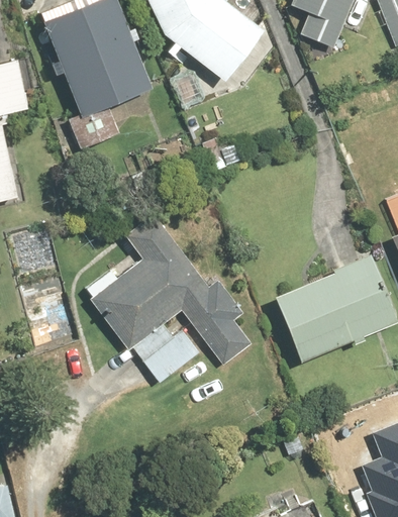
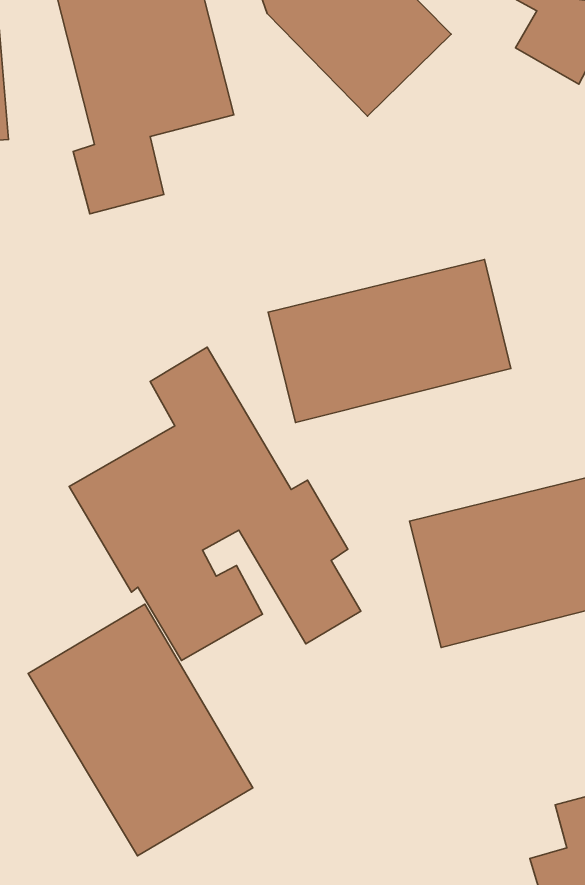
building: none -> [268,259,511,423]
building: none -> [28,604,253,856]

